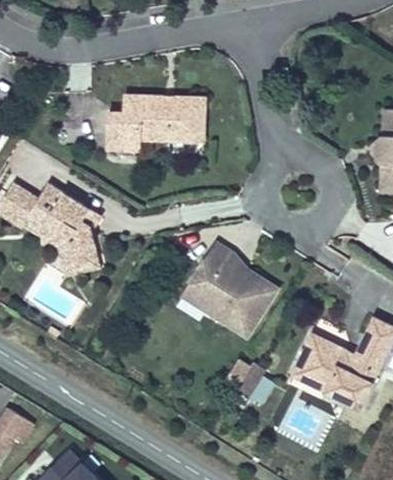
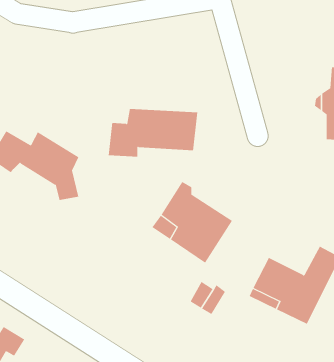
building: [101,96,205,152] -> [108,108,198,157]
building: [21,221,100,277] -> none

